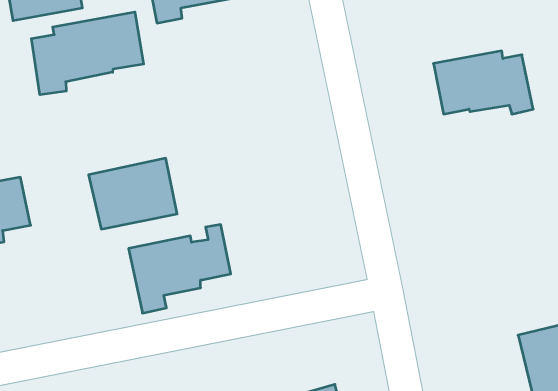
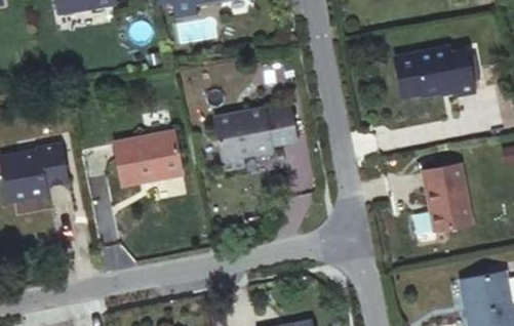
building: [31,12,144,95] -> none
building: none -> [420,163,470,230]
building: [129,225,231,313] -> [214,98,298,170]

